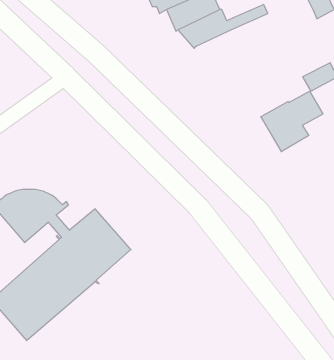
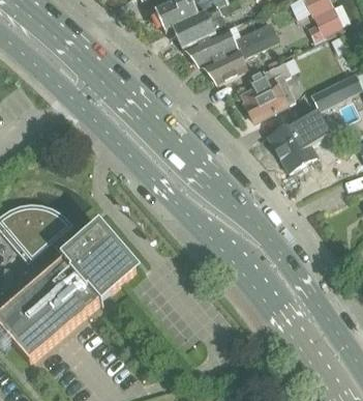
building: none -> [202,30,278,82]
building: none -> [243,60,294,120]

